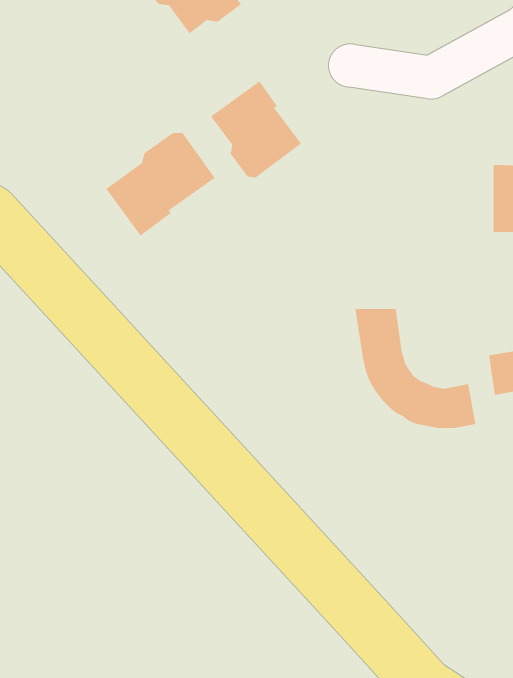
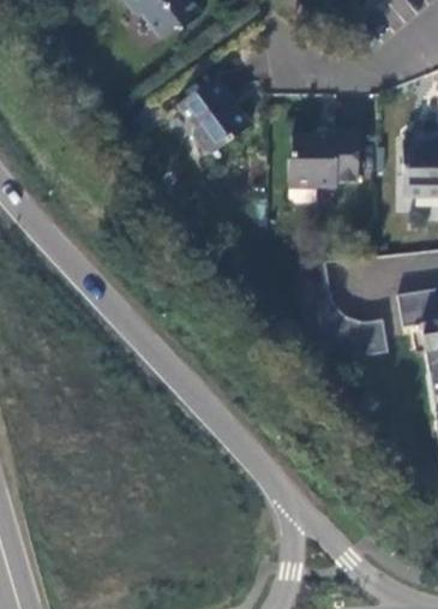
building: [105,132,215,236] -> none
building: none -> [289,130,359,186]

